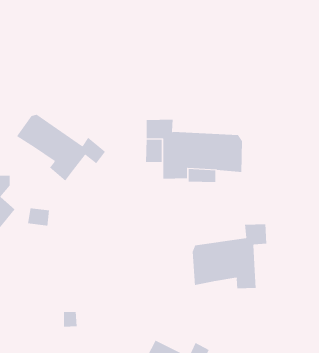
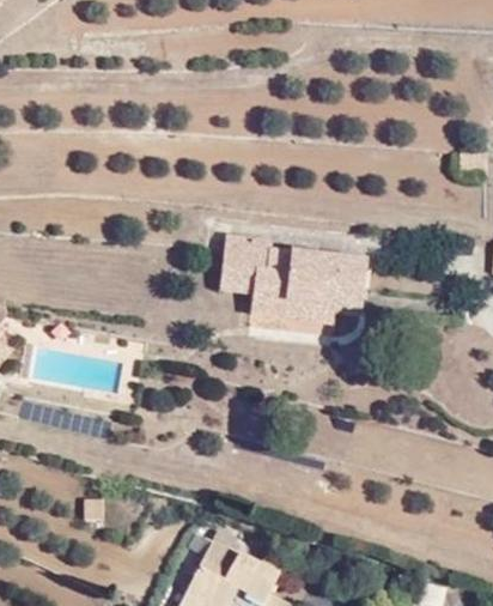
building: [16,114,106,181] -> none
building: [192,223,267,289] -> none

